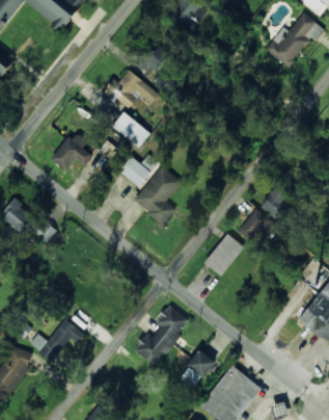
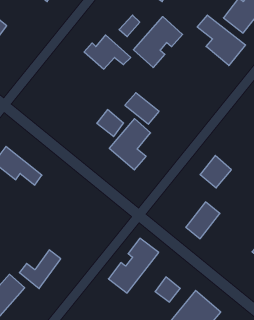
building: none -> [197,15,246,66]
building: none -> [133,17,183,68]
building: [112,112,152,149] -> [125,93,159,124]
building: [52,131,93,172] -> none
building: [261,186,290,220] -> none
building: [204,234,244,277] -> [186,202,220,239]

